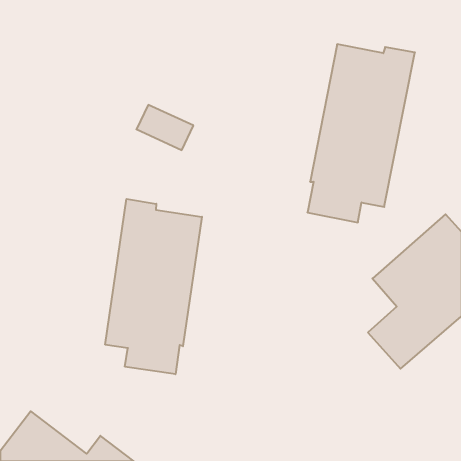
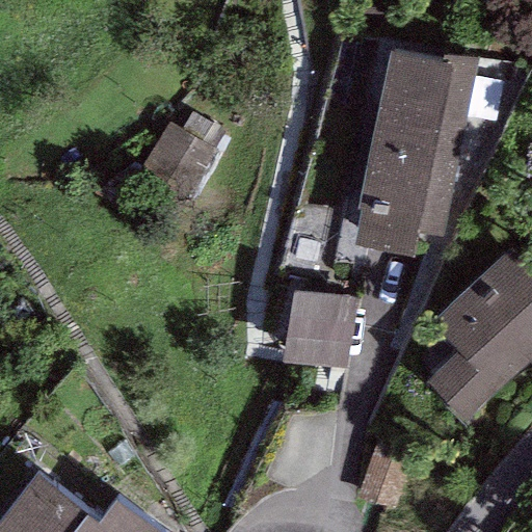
building: [105,199,202,374] -> none
building: none -> [283,290,356,370]

